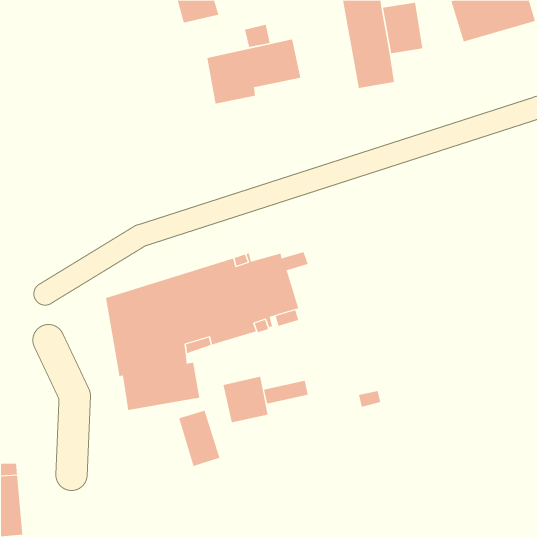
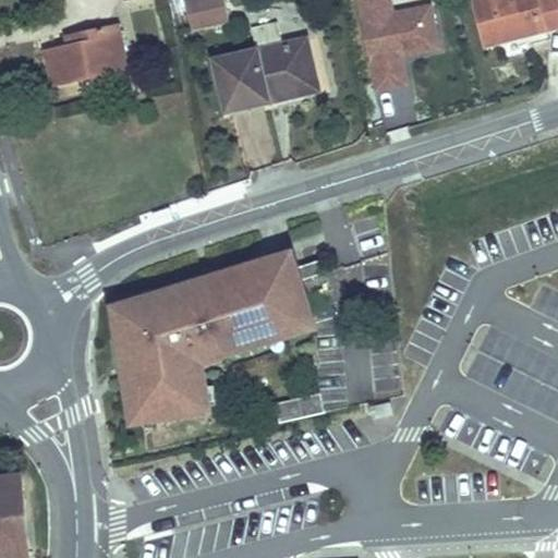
building: none -> [44,23,132,86]
building: [223,376,268,423] -> none
building: [179,410,220,467] -> none

